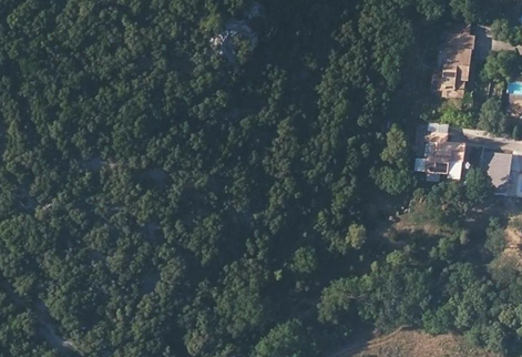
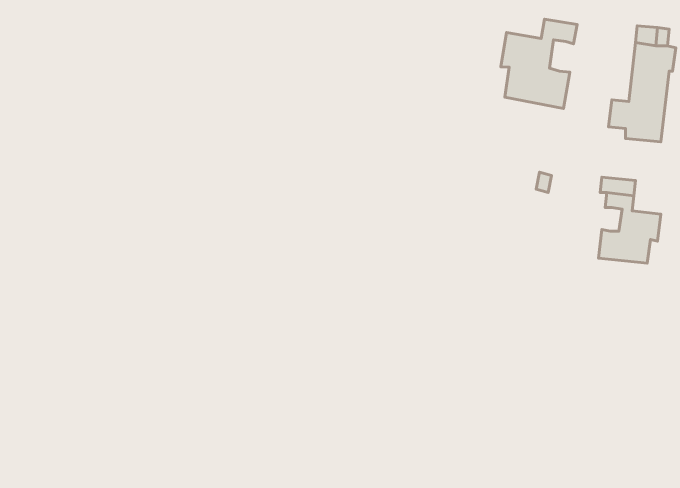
building: none -> [501,19,577,108]

